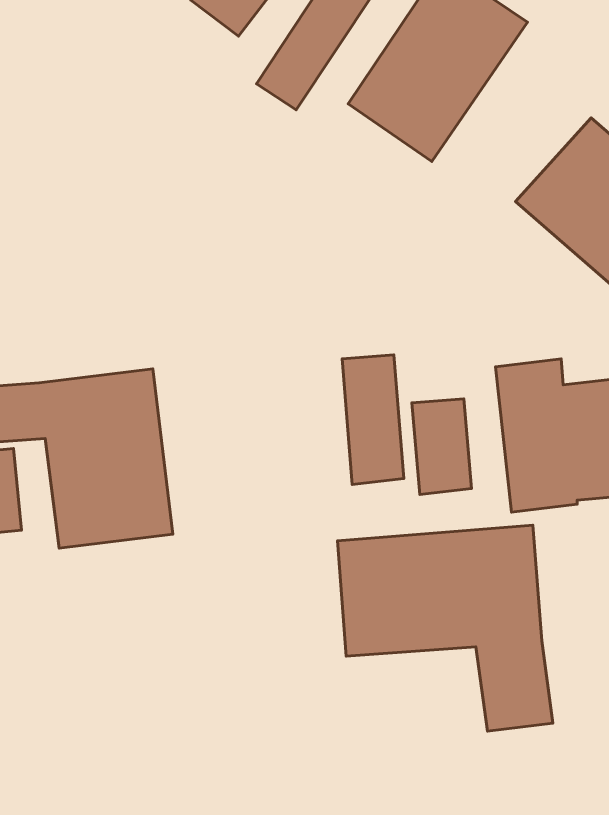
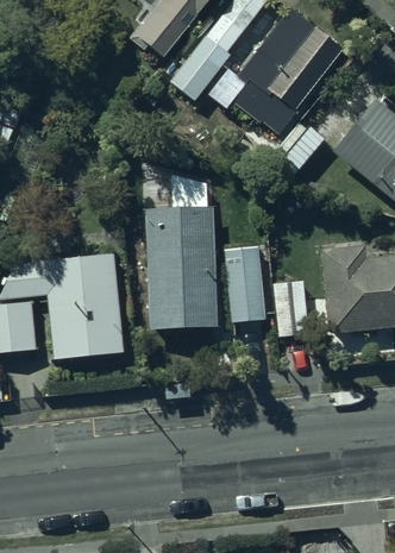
building: none -> [149,208,219,332]
building: [337,525,553,731] -> none

